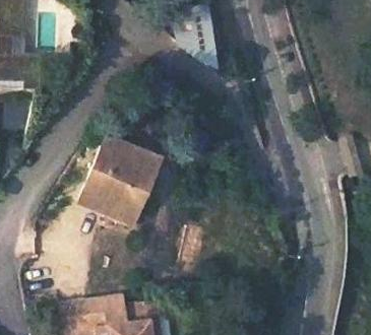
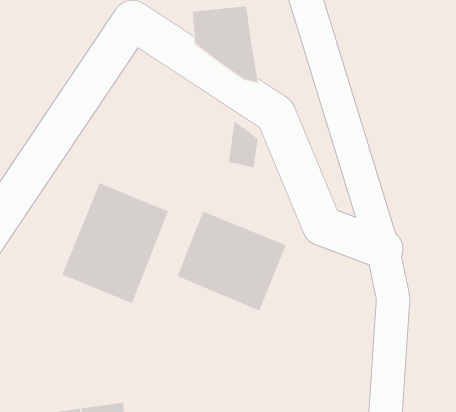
building: none -> [177,211,286,311]

